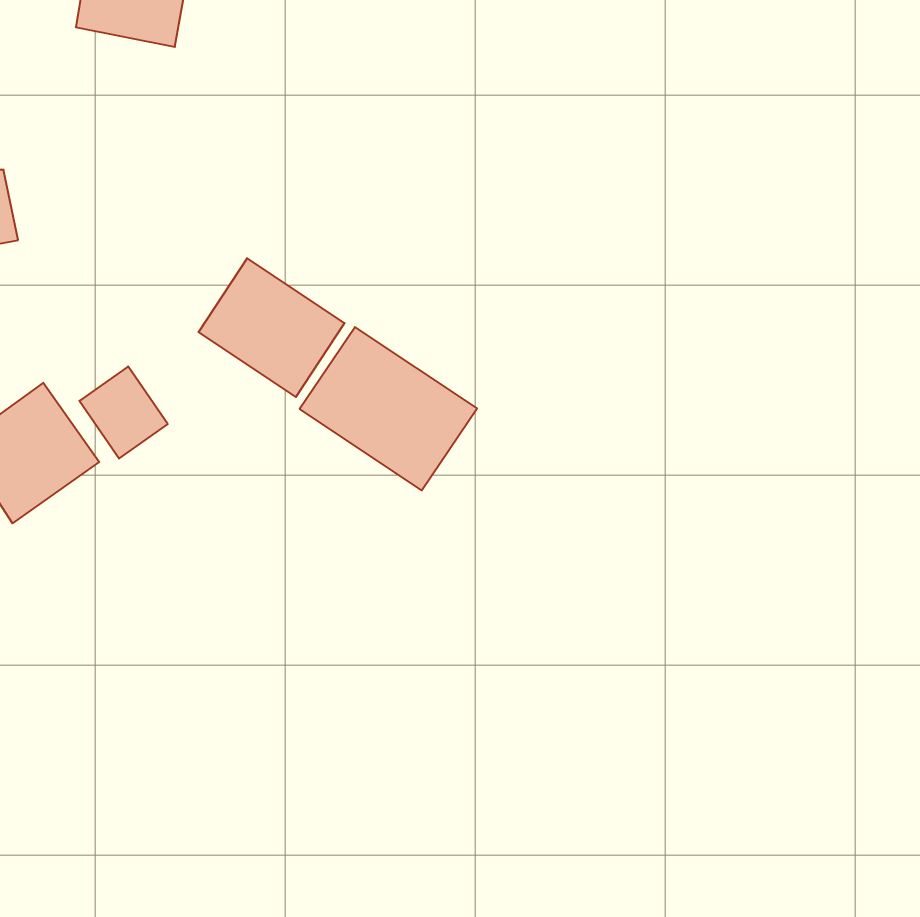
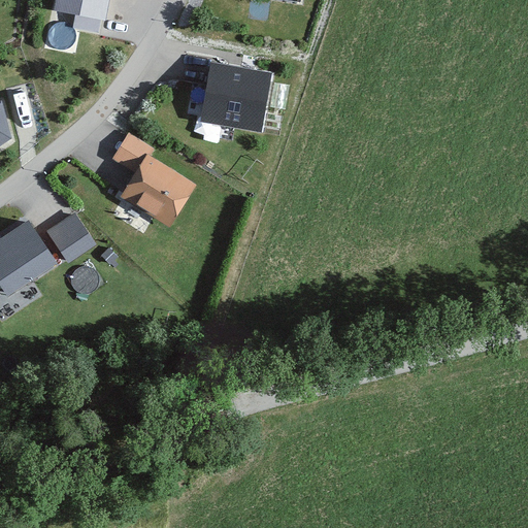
building: none -> [199,63,271,131]
building: [300,327,477,490] -> none

